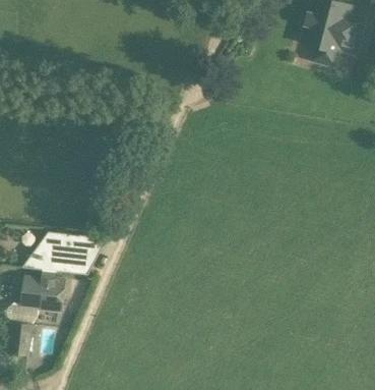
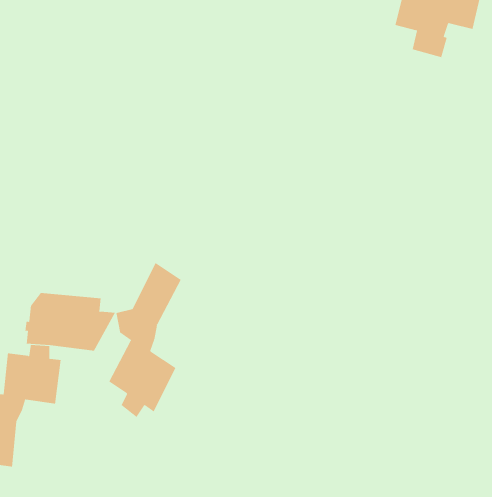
building: none -> [109,262,182,418]

